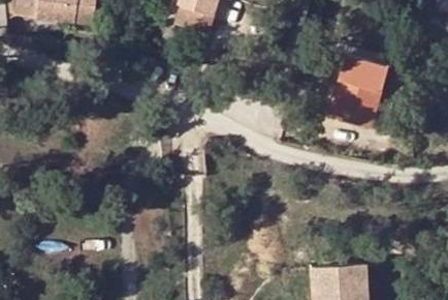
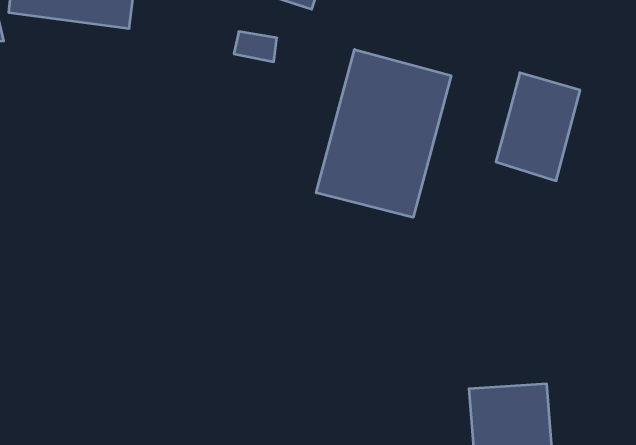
building: none -> [316,49,451,217]

